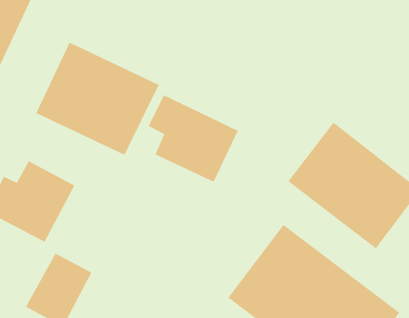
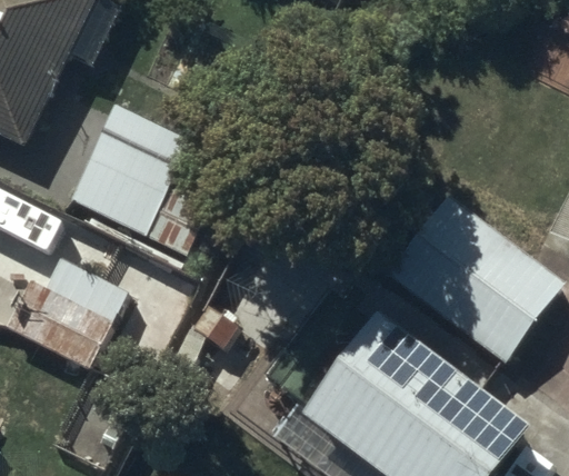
building: [148,94,239,183] -> none

